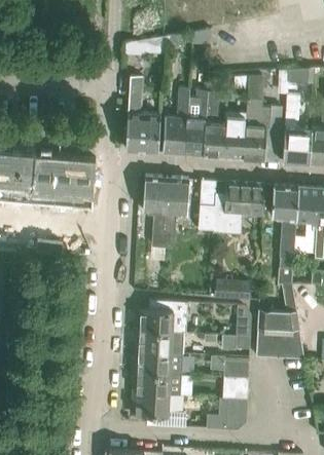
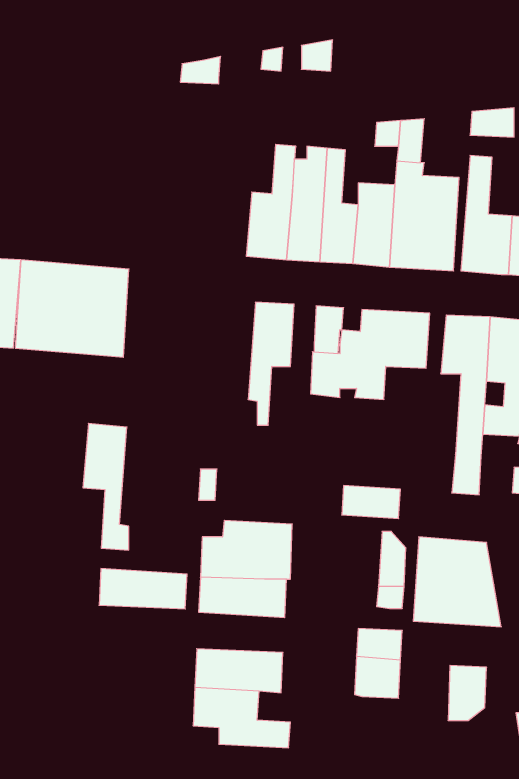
building: [125,76,160,152] -> none
building: [142,176,168,247] -> [83,423,129,550]
building: [134,351,183,374] -> [99,569,187,609]
building: [225,399,247,429] -> [448,665,487,720]

